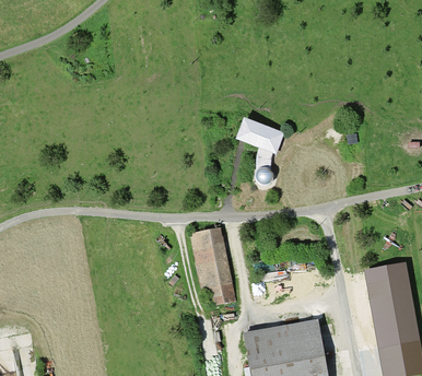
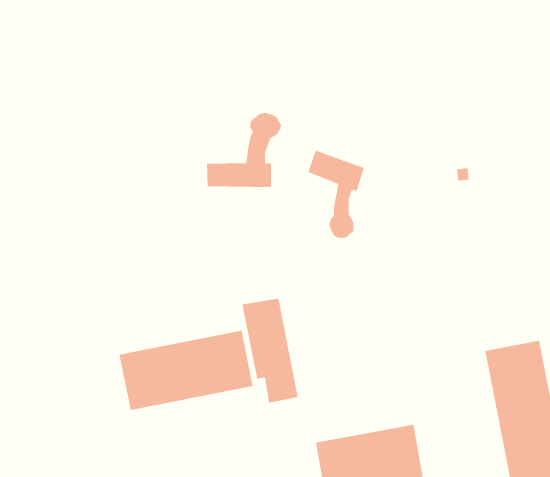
building: none -> [207,112,282,188]
building: none -> [119,330,253,411]

